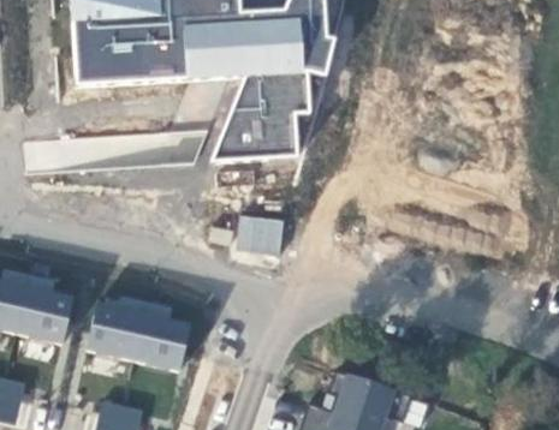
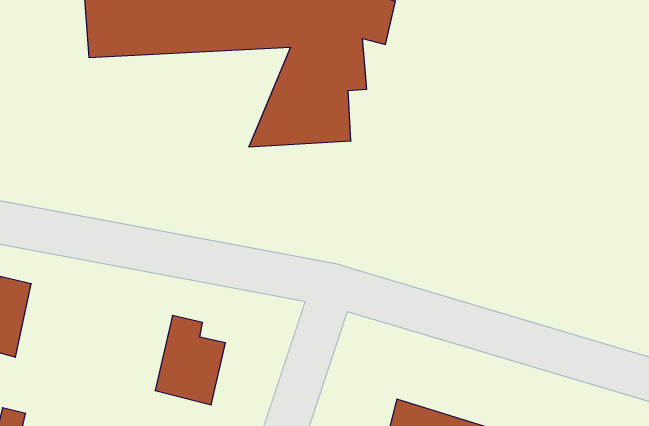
building: [236,213,284,251] -> none
building: [17,273,75,346] -> none
building: [85,293,148,362] -> none

